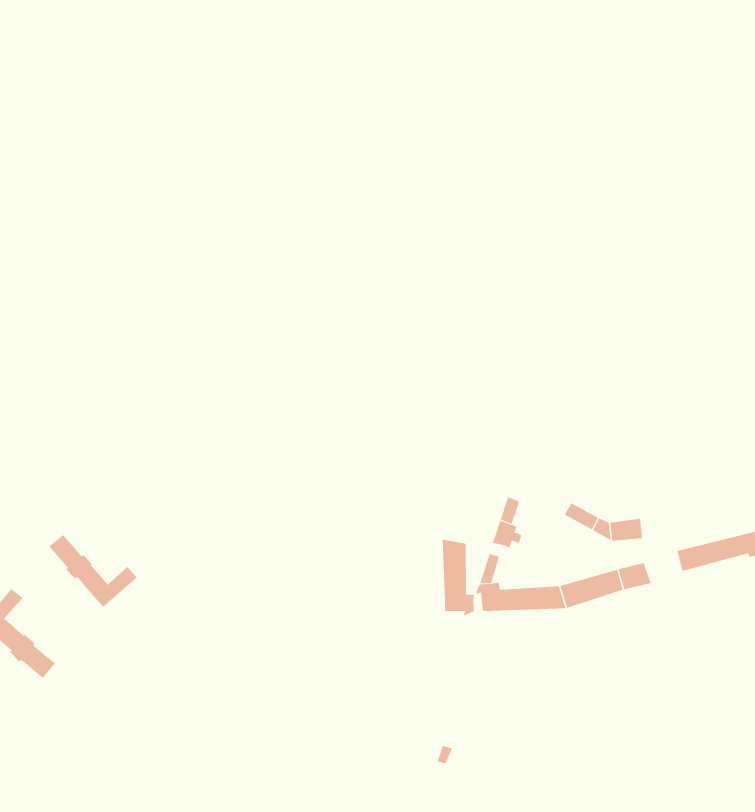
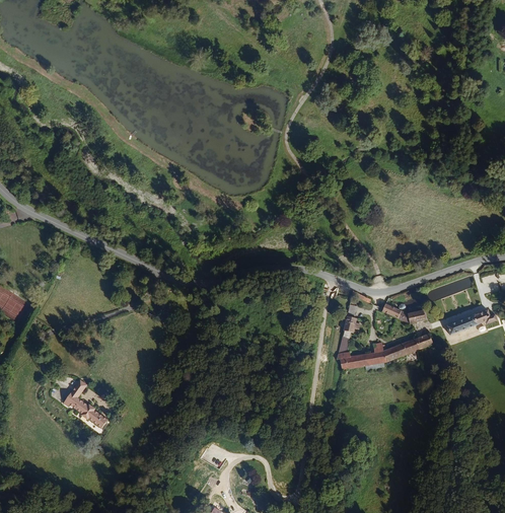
building: [49,534,138,607] -> none
building: [442,539,474,617] -> none

